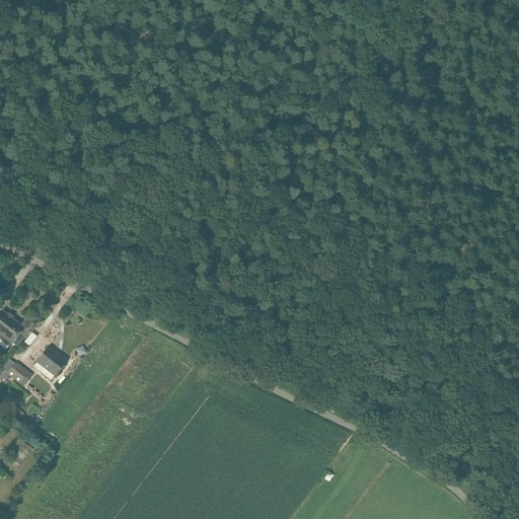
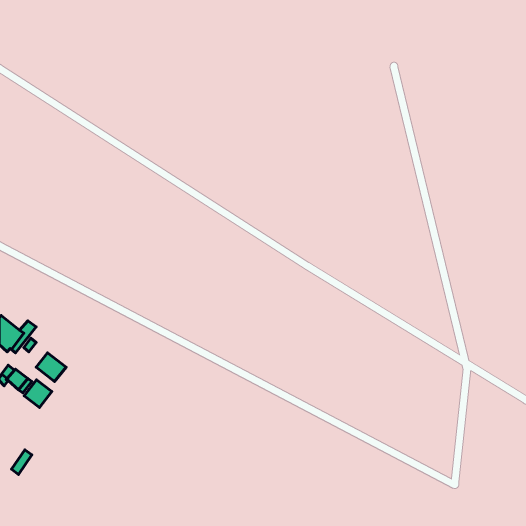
building: none -> [24,380,52,408]

